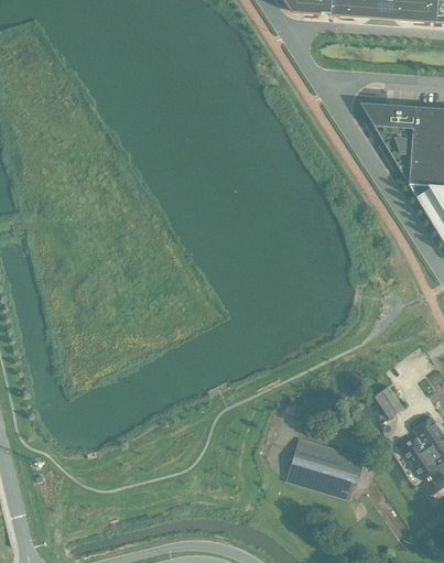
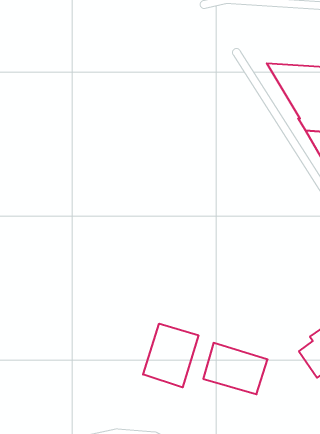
building: [373,383,402,415] -> none
building: none -> [143,324,198,387]

